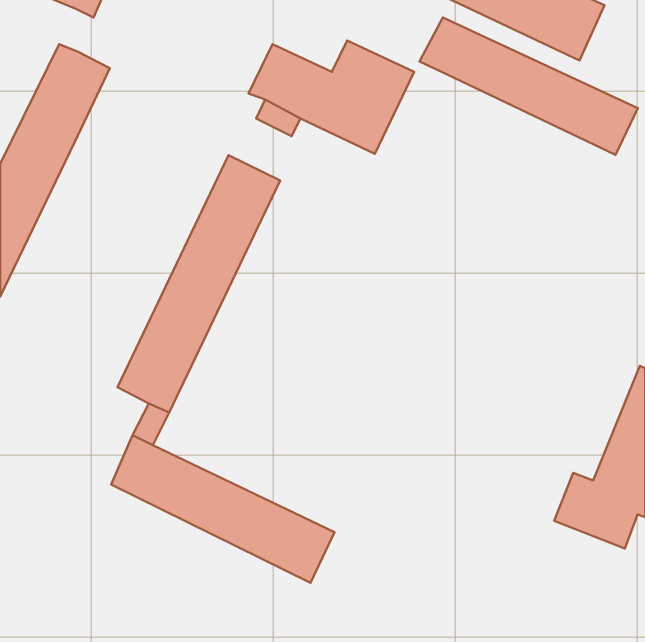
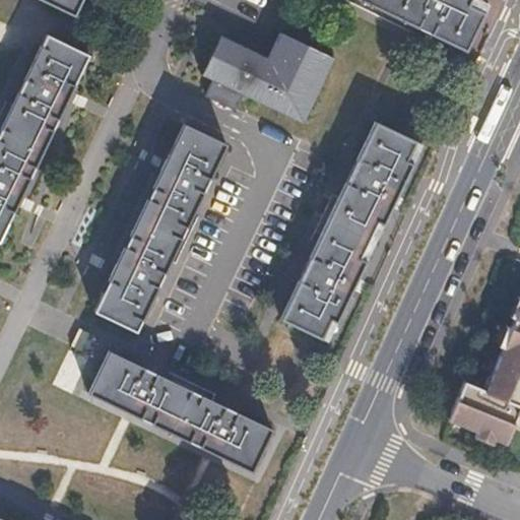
building: [420,18,638,155] -> none
building: none -> [281,123,419,339]

